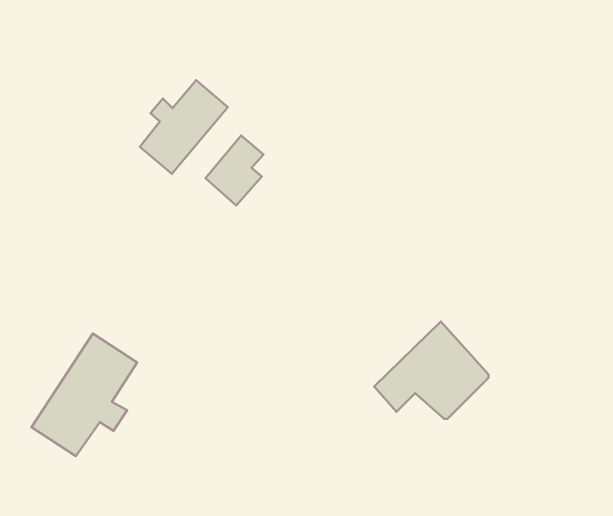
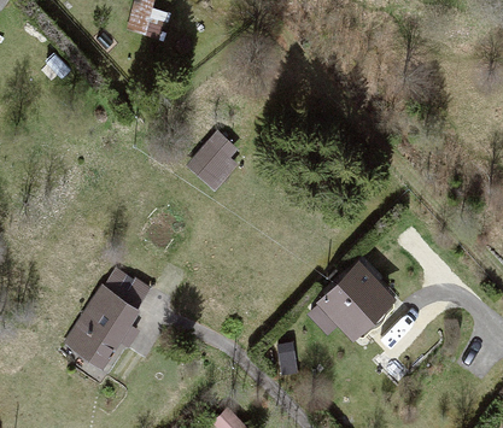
building: [140,80,228,174] -> none

